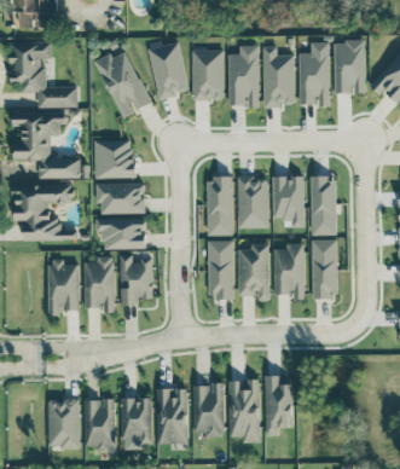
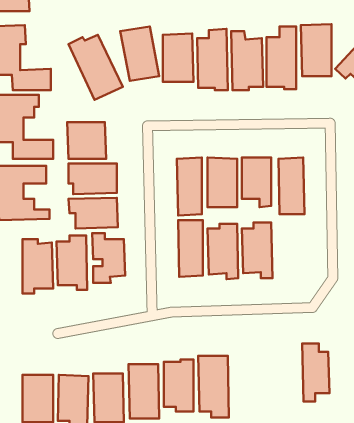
building: [312,239,337,297] -> none
building: [265,376,292,435] -> [302,343,329,401]

